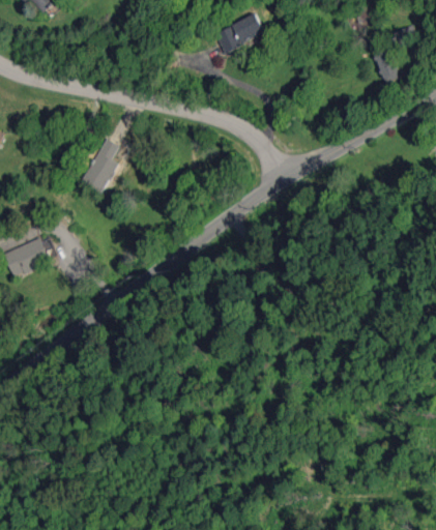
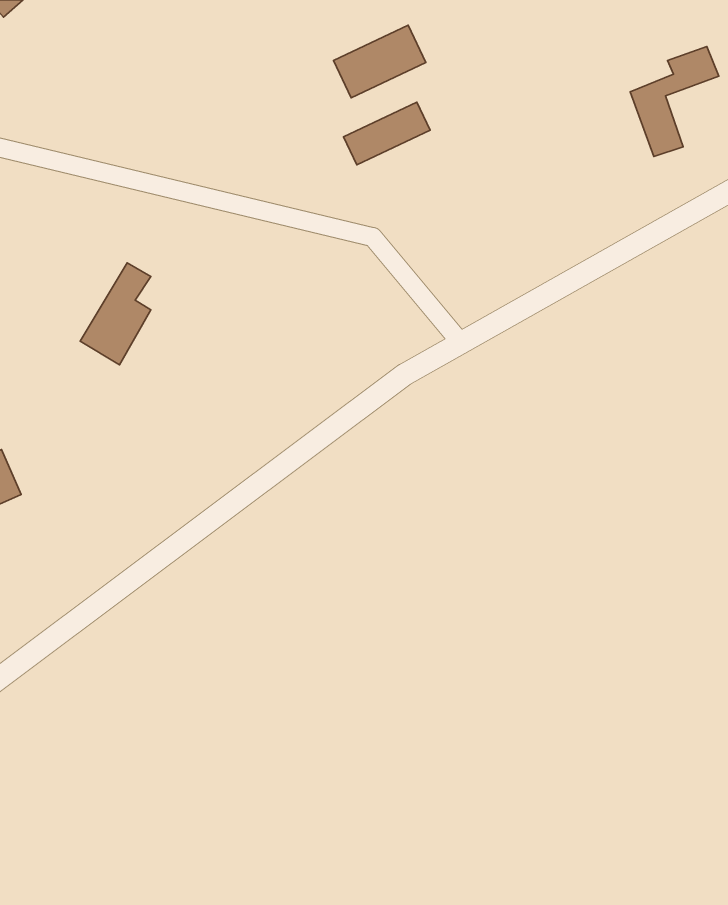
building: none -> [343,102,430,165]

